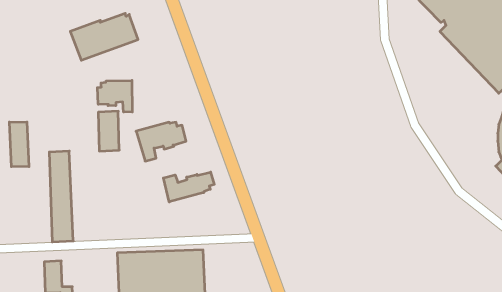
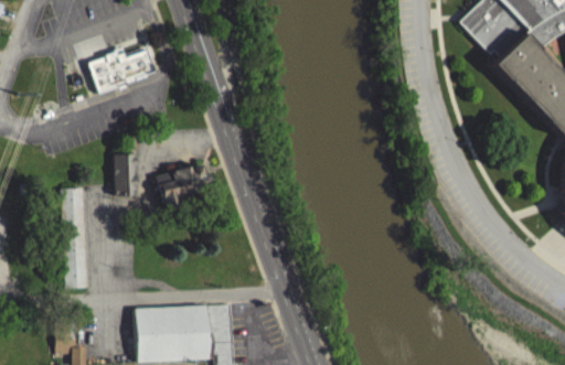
building: [97,80,132,112] -> none
building: [9,122,29,167] -> none
building: [163,172,214,202] -> none

